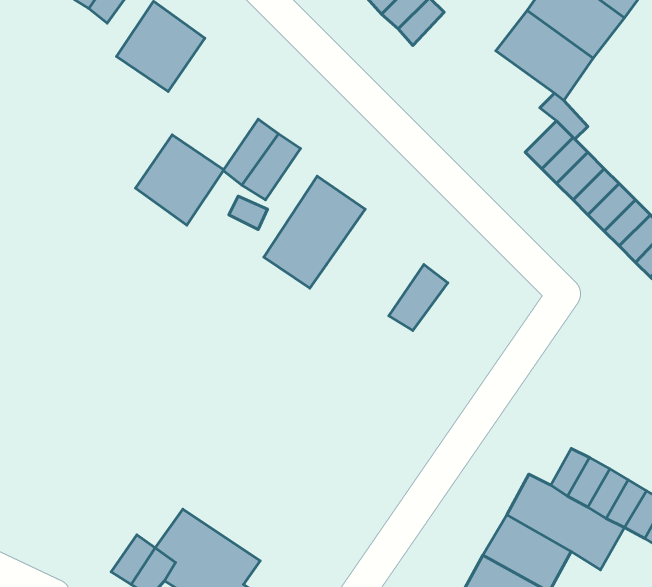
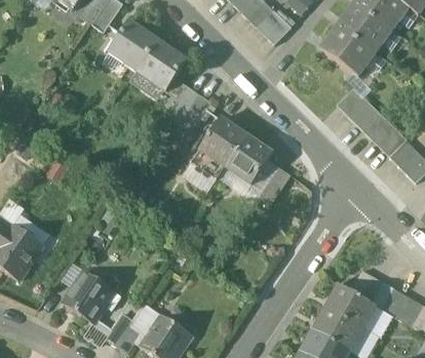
building: [135,135,224,225] -> [137,41,186,91]
building: none -> [225,136,272,185]
building: none -> [63,271,110,322]

